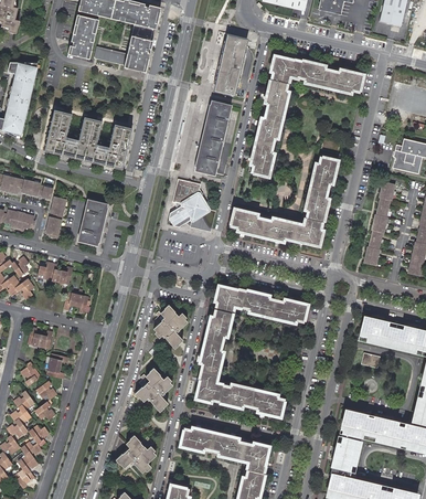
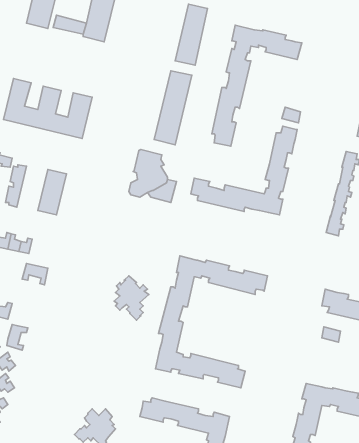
building: [337,68,364,93] -> none
building: [134,370,172,415] -> none

